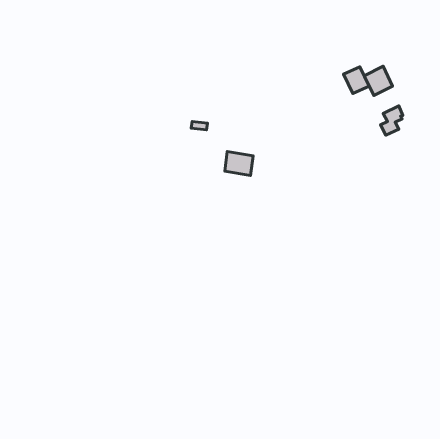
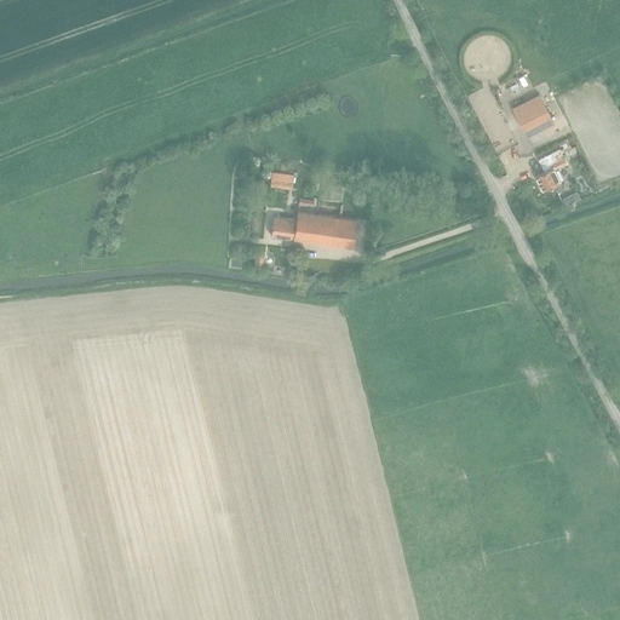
building: [343,67,369,94] -> none
building: none -> [270,212,320,242]

